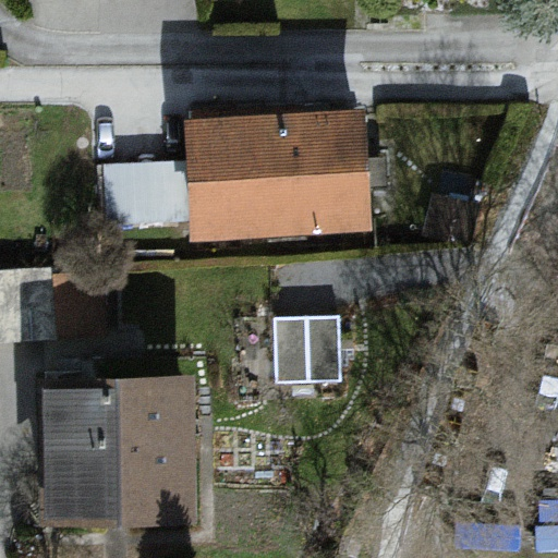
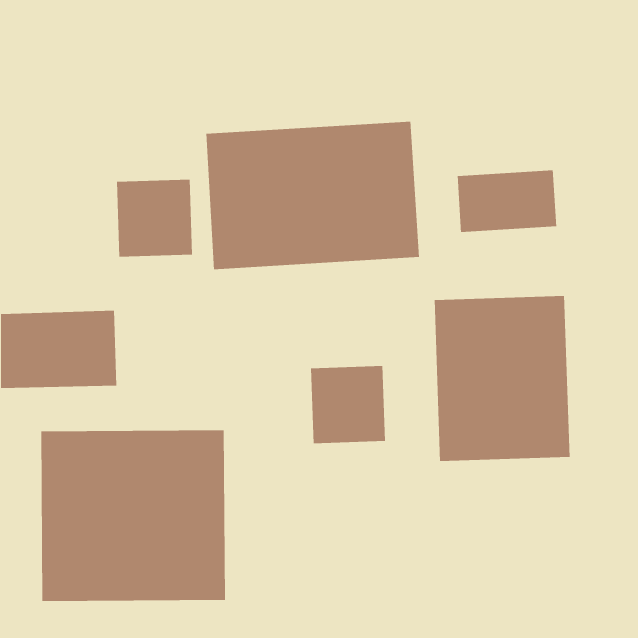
building: none -> [457,169,557,233]
building: none -> [434,295,570,462]

